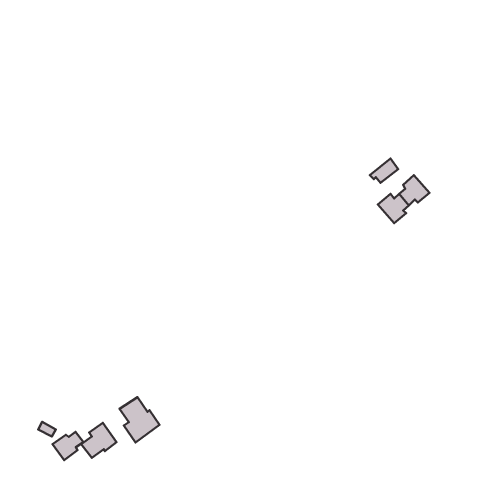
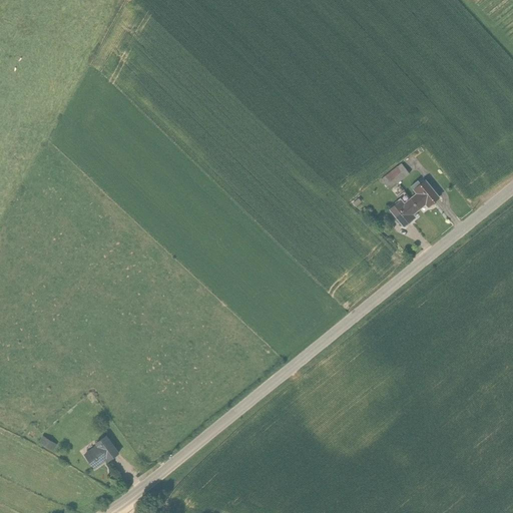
building: [119,397,160,442] -> none
building: [53,432,84,460] -> none

